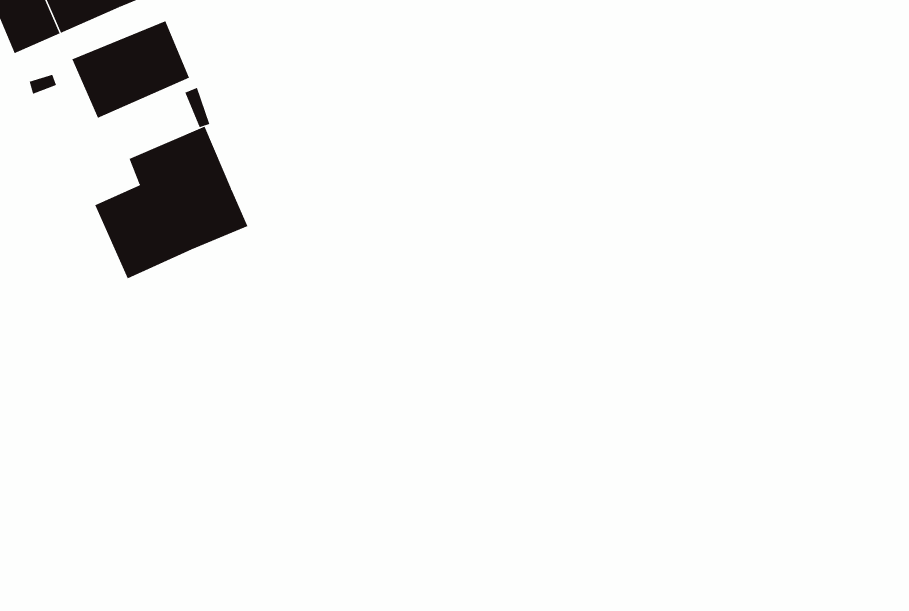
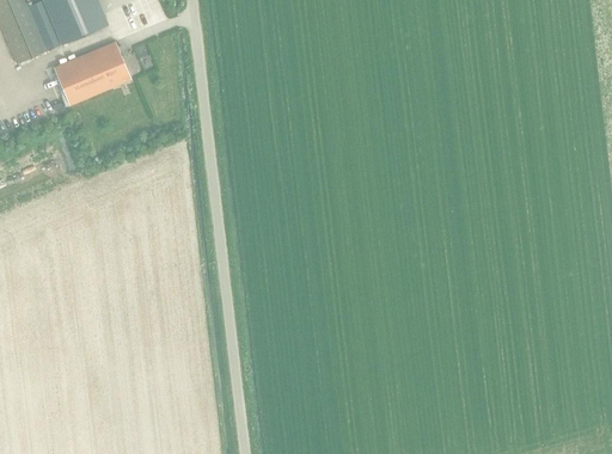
building: [95,126,248,279] -> none

